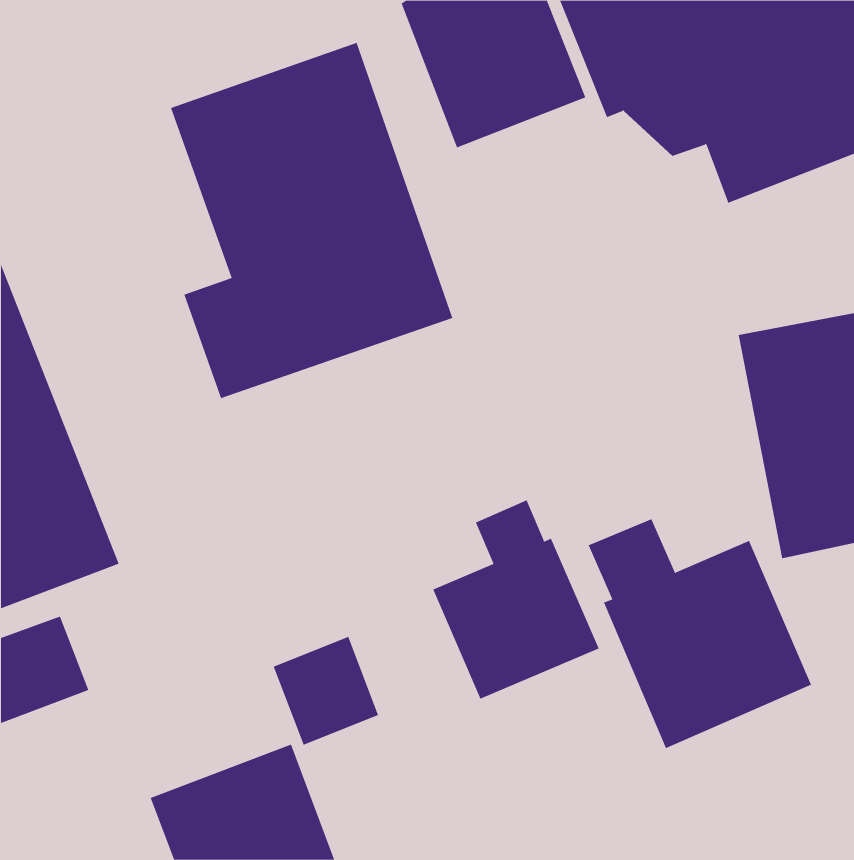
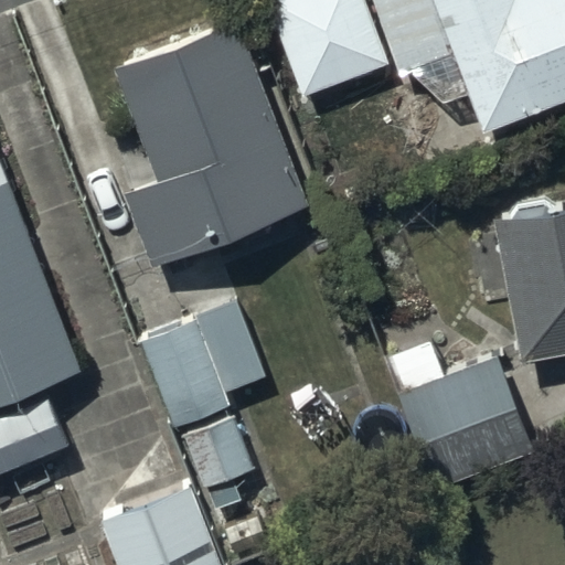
building: none -> [139,297,271,425]
building: [433,500,599,700] -> none

